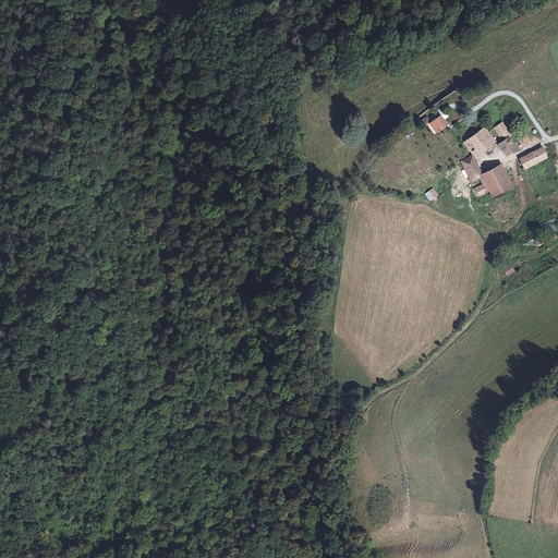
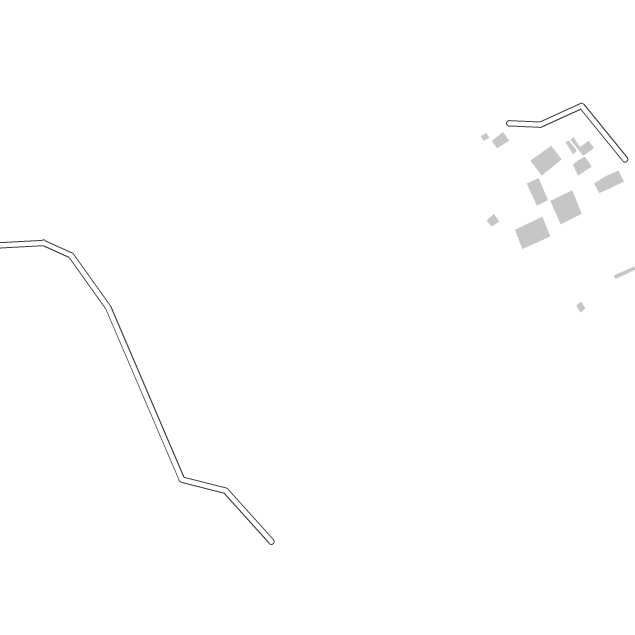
building: none -> [514,215,552,250]

